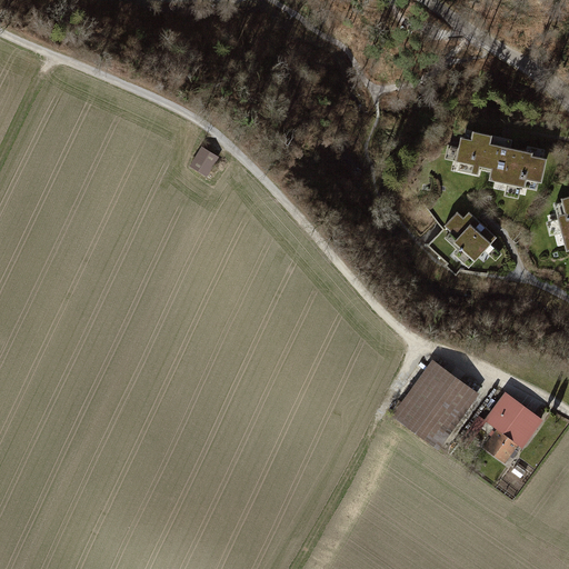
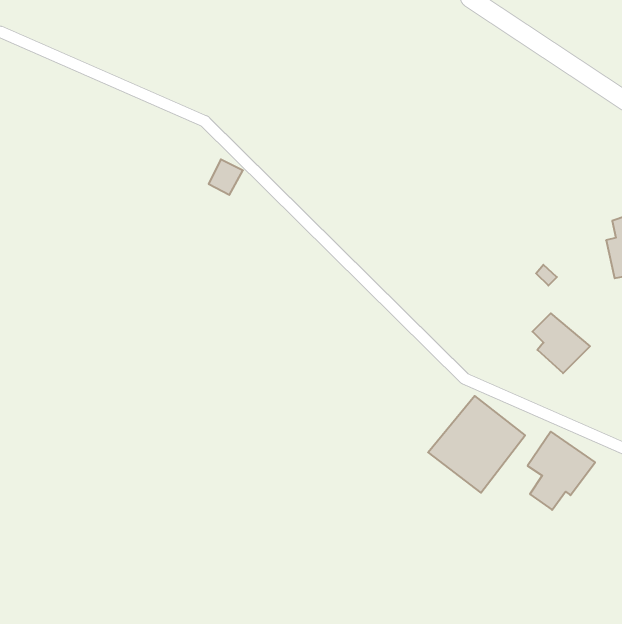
building: [455,132,546,189] -> none
building: [443,208,496,262] -> [532,313,590,373]

